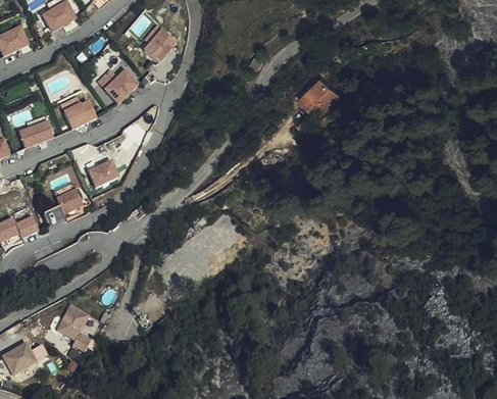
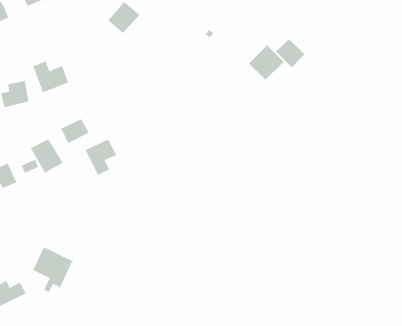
building: none -> [275,39,305,68]
building: [96,68,140,103] -> none
building: none -> [85,139,117,176]

